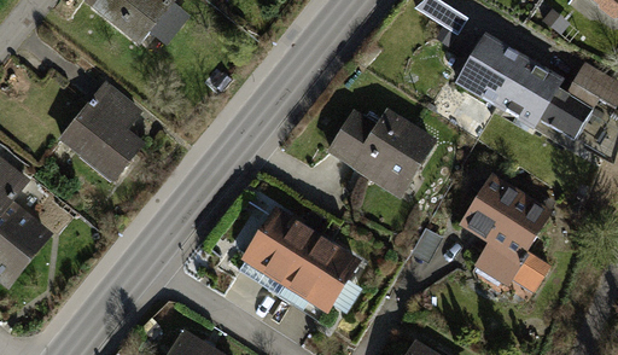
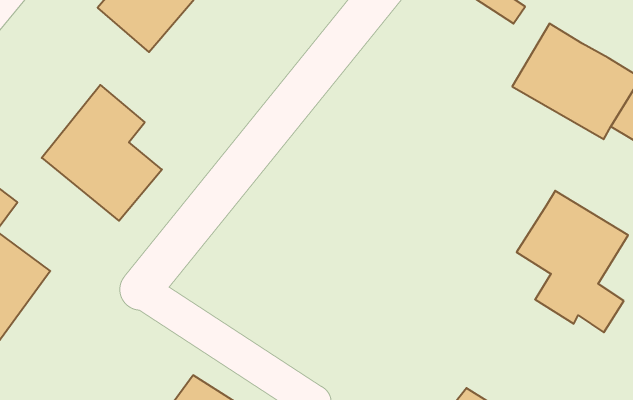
building: [326,106,437,197] -> none
building: [239,203,358,312] -> none

